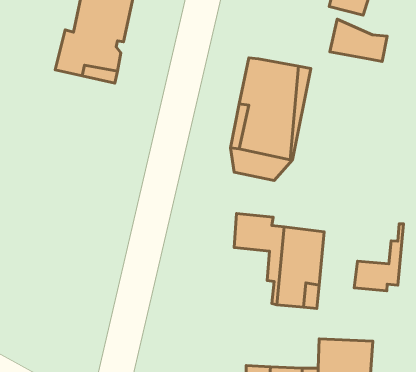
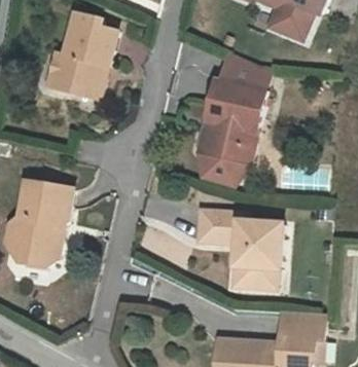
building: [330,19,387,62] -> [220,49,268,85]
building: none -> [8,181,73,265]
building: [354,224,404,291] -> none

